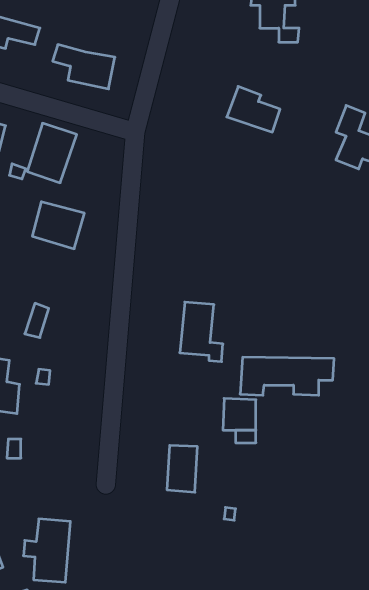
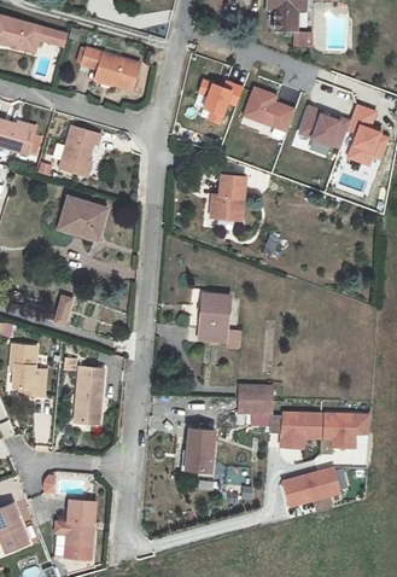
building: none -> [198,78,241,124]
building: none -> [299,106,349,147]
building: none -> [210,175,247,221]
building: [240,357,334,395] -> [281,413,370,449]
building: none -> [75,367,104,424]
building: none -> [284,468,340,507]

